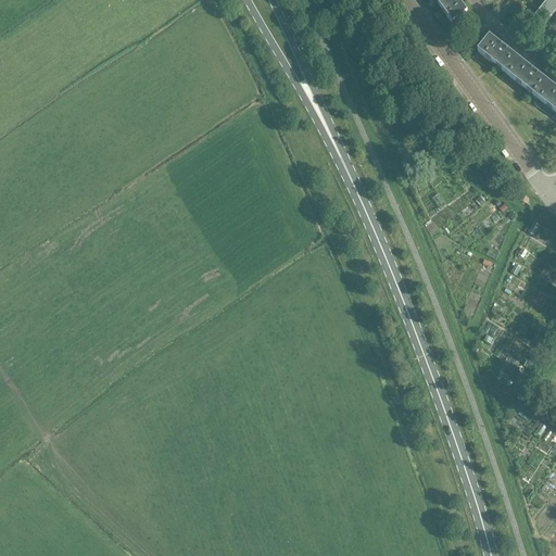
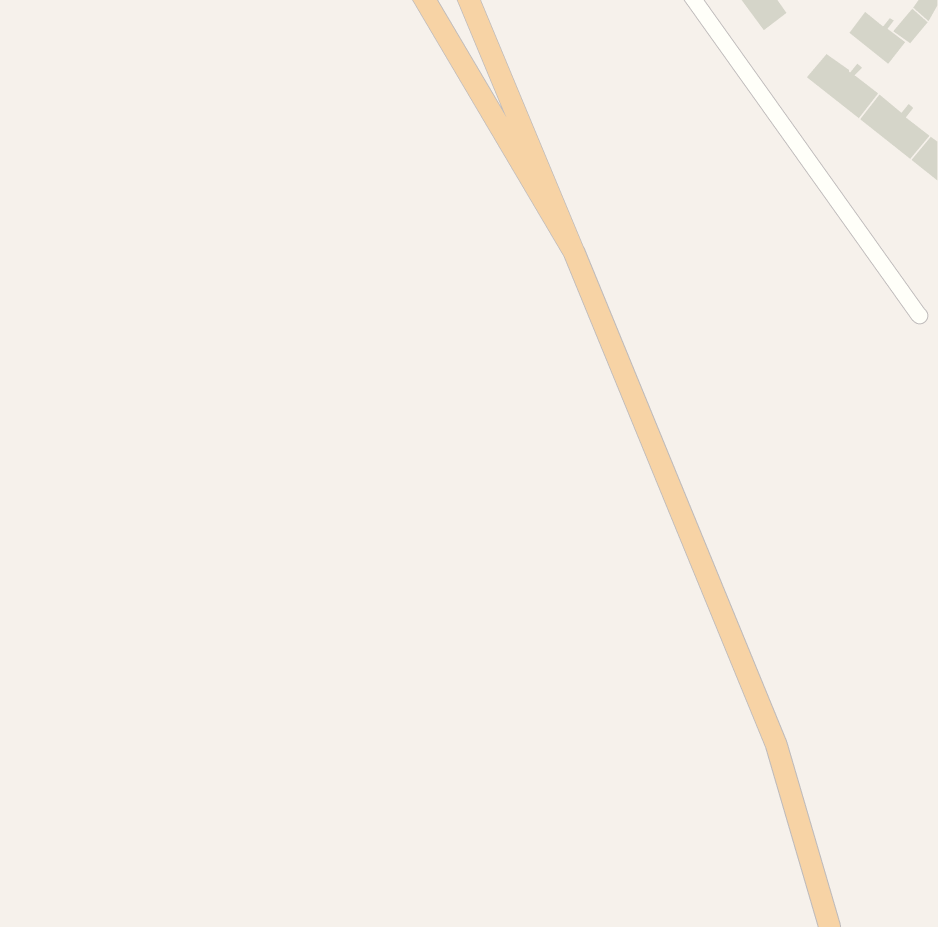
building: none -> [848,11,906,65]

